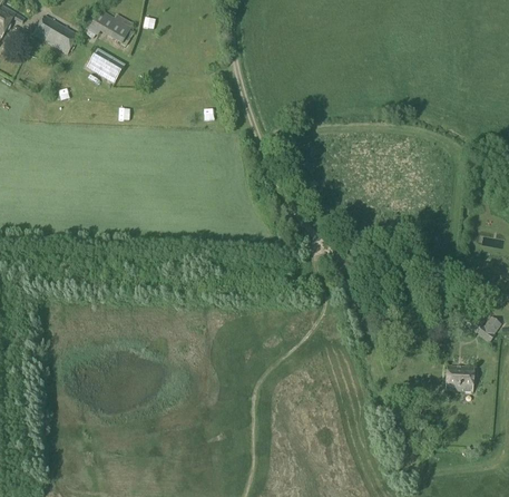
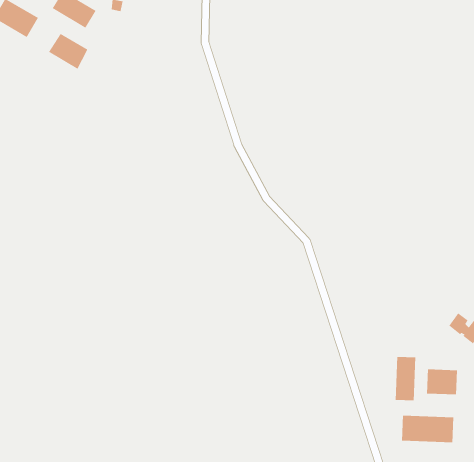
building: none -> [395,356,416,401]
building: none -> [402,415,454,443]

